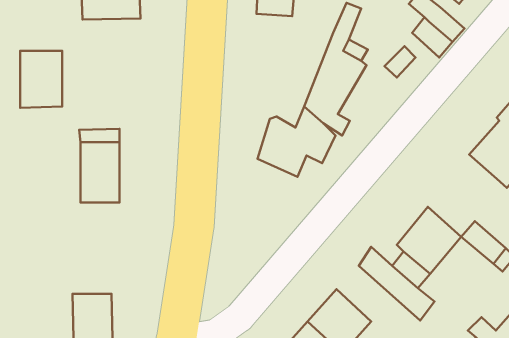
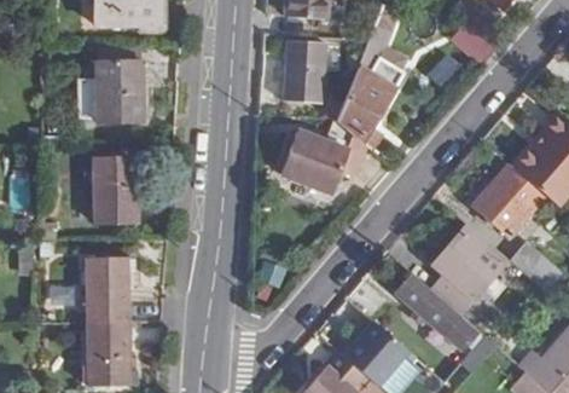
building: none -> [284,42,325,104]
building: [20,51,62,108] -> [95,59,141,121]
building: none -> [471,164,546,238]
building: none -> [85,255,128,322]

